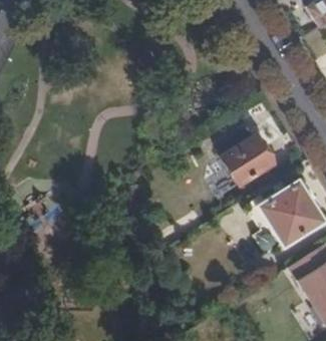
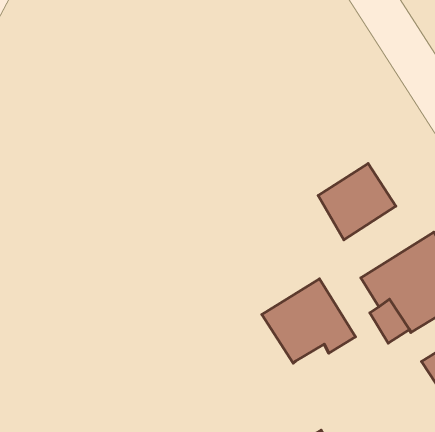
building: none -> [262,279,356,363]

